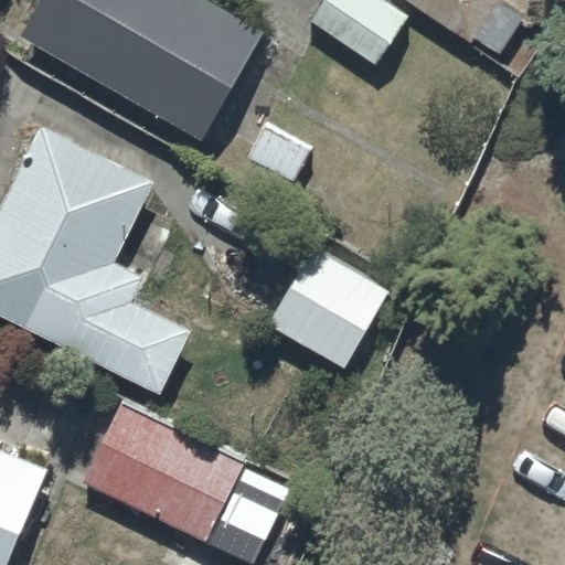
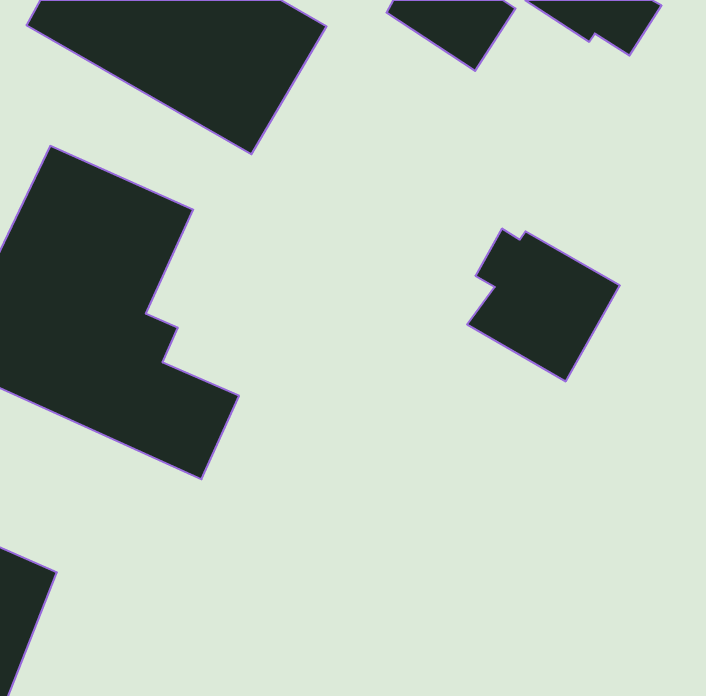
building: [266,246,387,367] -> [467,229,620,381]
building: [83,405,250,552] -> none

